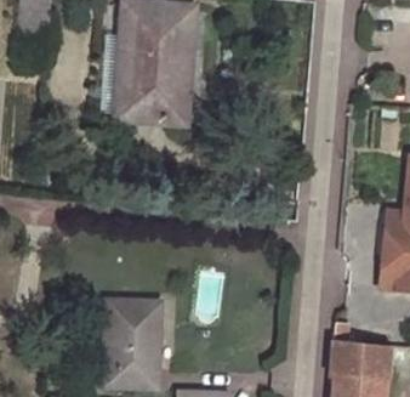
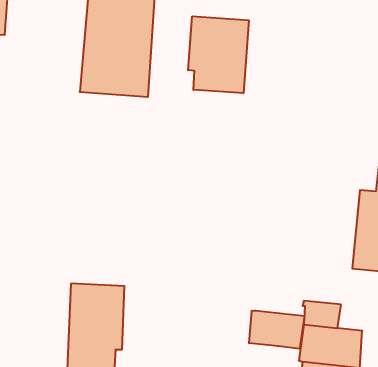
building: none -> [188,16,249,93]
building: none -> [249,310,304,349]

